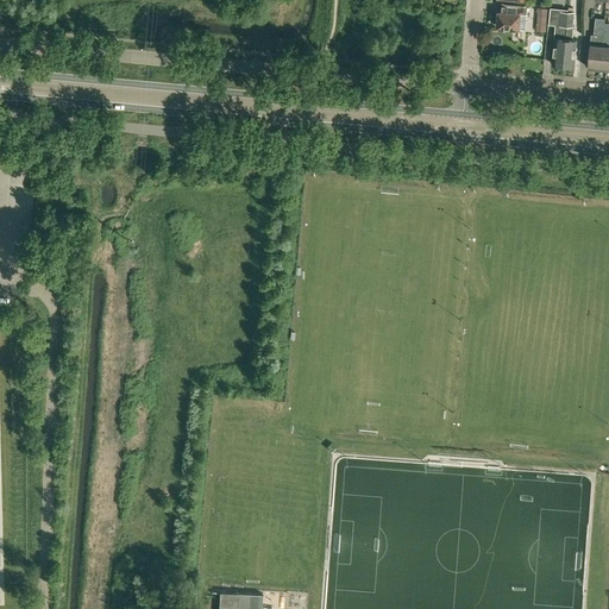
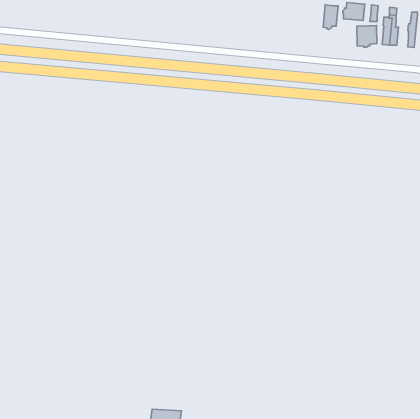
building: none -> [323,5,338,29]
building: none -> [357,25,377,47]

